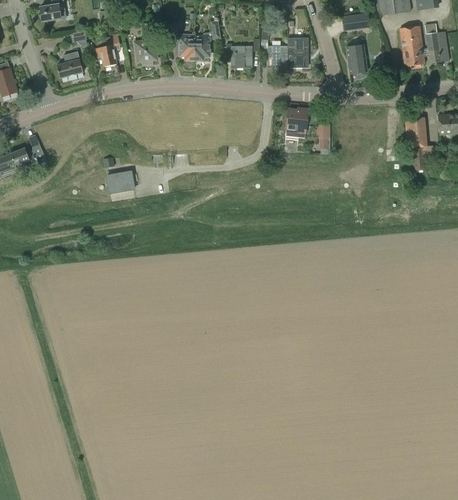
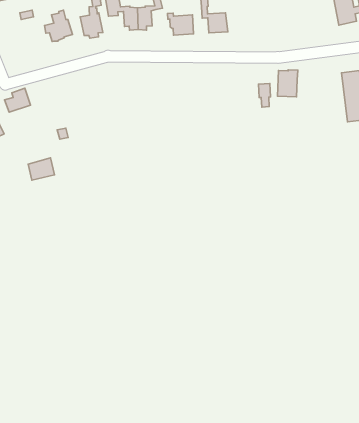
building: [287,40,307,66] -> none
building: [346,44,367,73] -> none
building: [56,53,83,77] -> [5,88,31,112]
building: [285,108,308,137] -> [277,70,298,97]
building: [107,170,134,192] -> [28,158,54,180]

